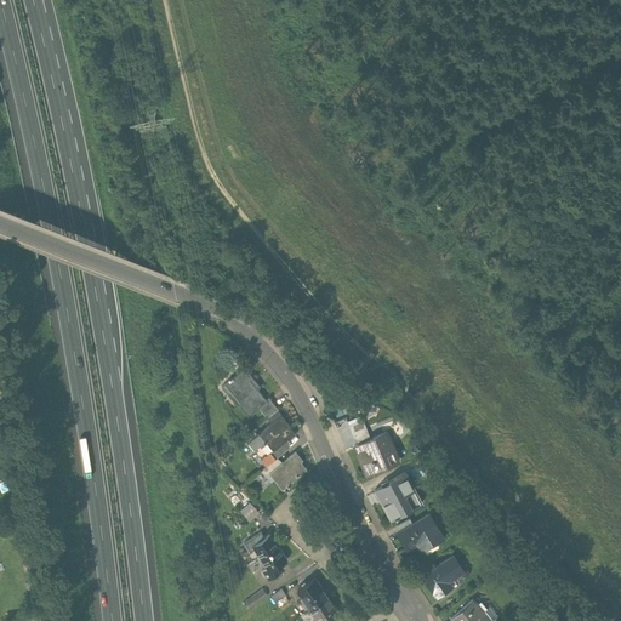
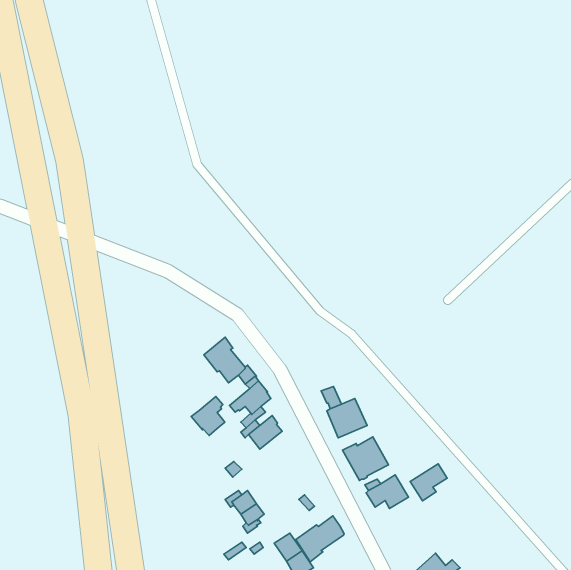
building: none -> [191,397,225,436]
building: [423,559,463,599] -> [410,464,447,501]
building: none -> [296,516,344,562]

